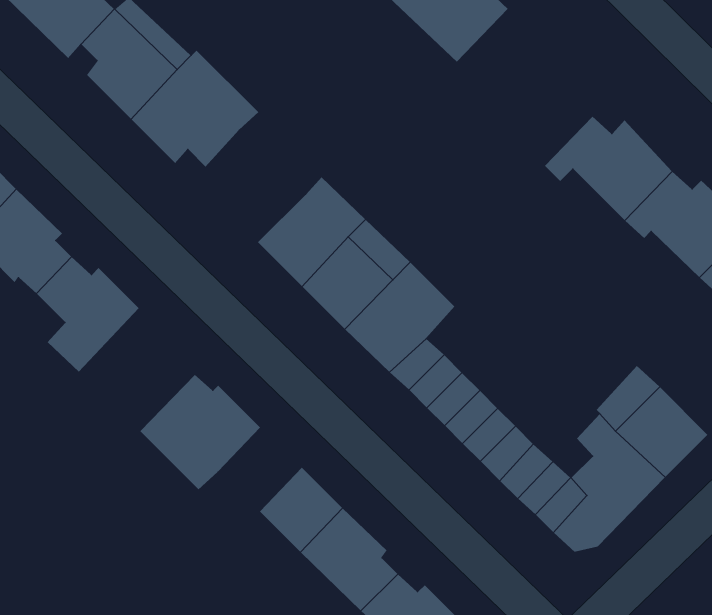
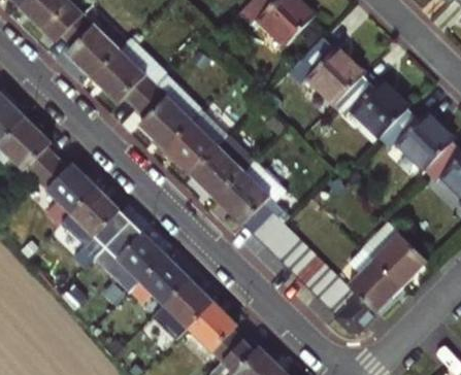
building: none -> [291,38,361,105]
building: none -> [135,84,193,149]
building: none -> [62,188,129,259]
building: none -> [142,257,191,305]

